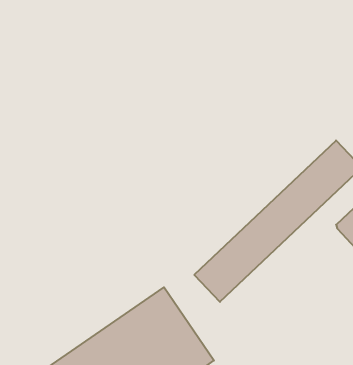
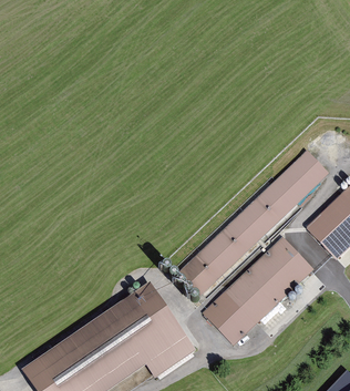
building: none -> [203,236,315,346]

